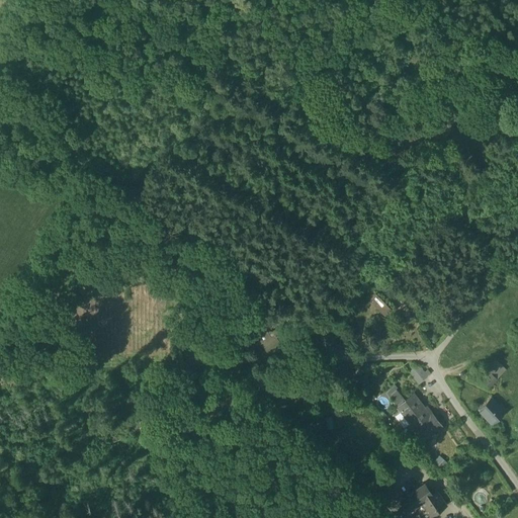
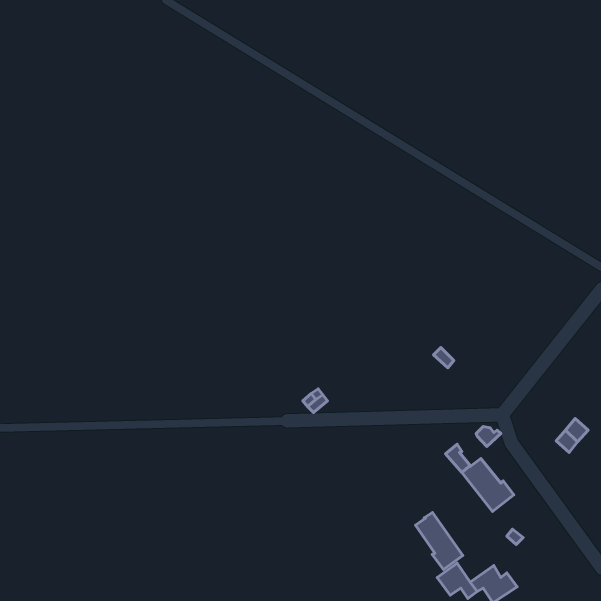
building: [478,399,506,426] -> none
building: none -> [416,513,463,570]

